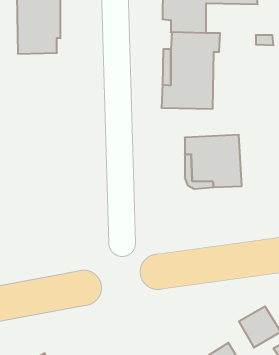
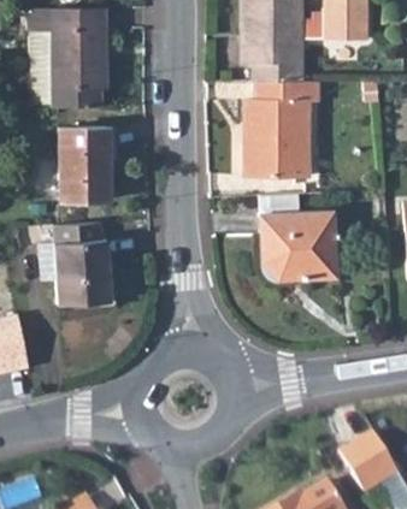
building: none -> [61,124,113,200]
building: none -> [58,241,111,304]

